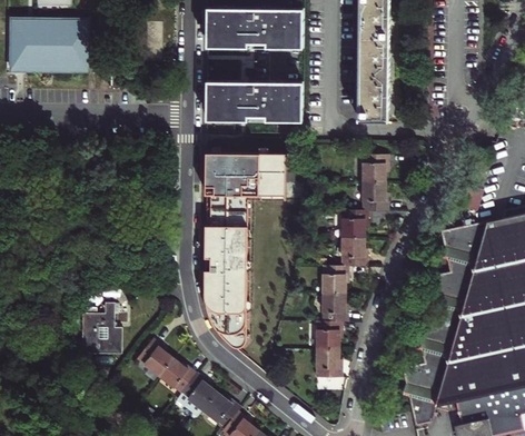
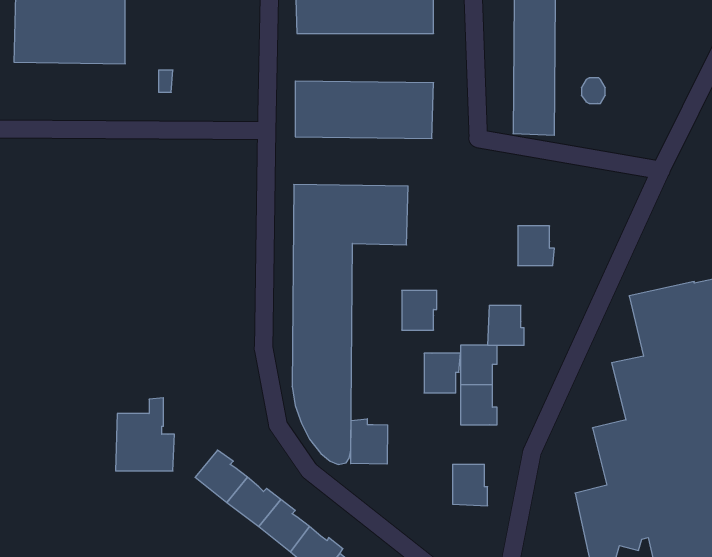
building: [363,156,388,184] -> none
building: [343,211,367,239] -> [402,290,437,330]
building: none -> [351,419,388,464]
building: [317,323,343,350] -> [424,353,461,393]

